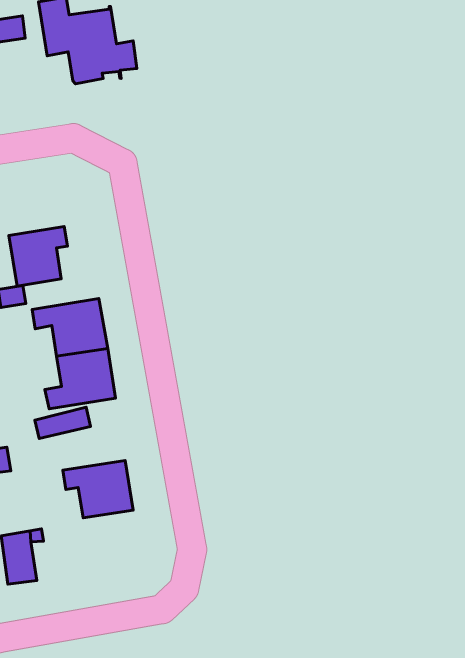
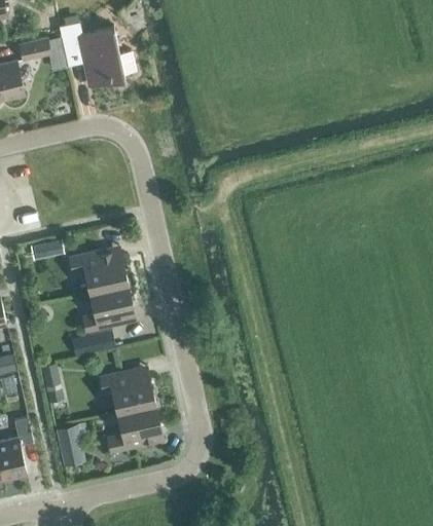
building: [9,227,67,286] -> none
building: none -> [106,404,163,452]

